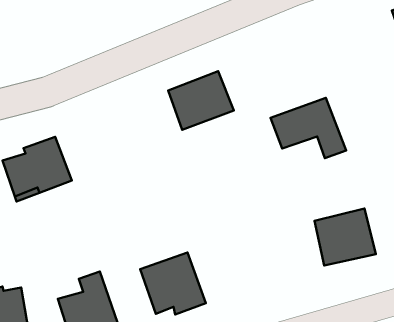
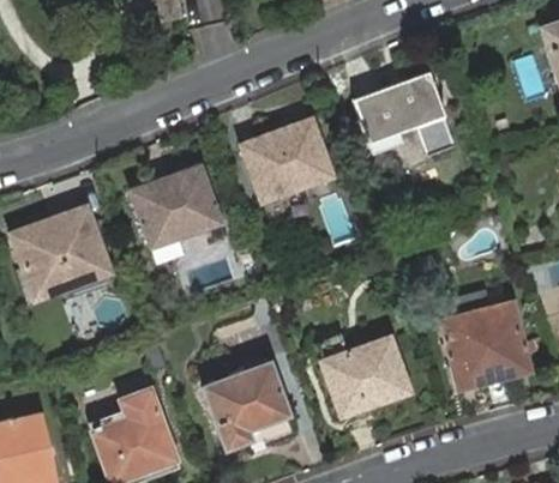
building: [271,98,346,158] -> [353,72,456,155]
building: none -> [132,164,220,240]
building: none -> [321,333,409,403]

